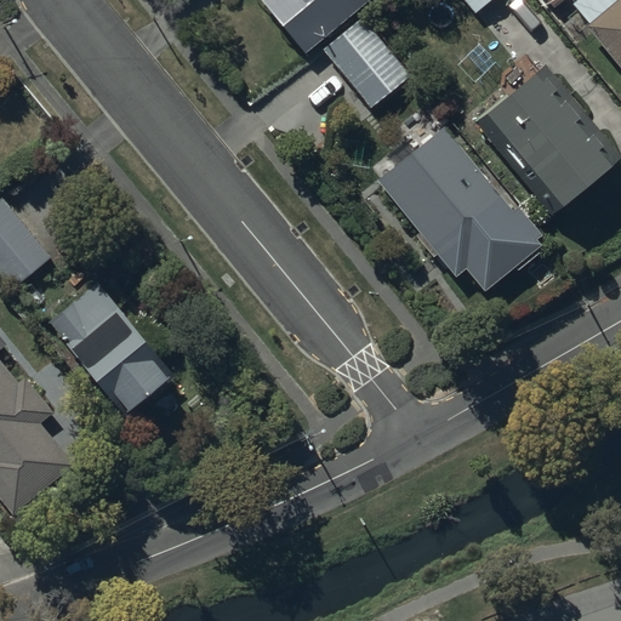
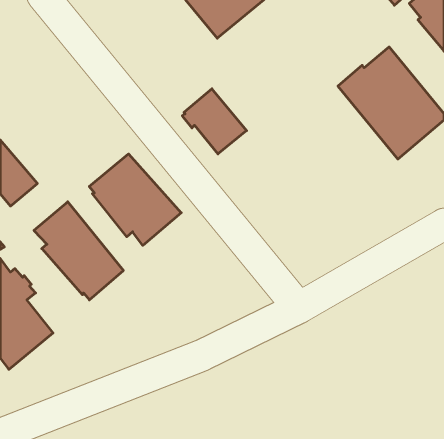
building: [320,16,410,107] -> [182,89,247,154]
building: [377,114,541,278] -> none
building: none -> [89,154,181,245]

